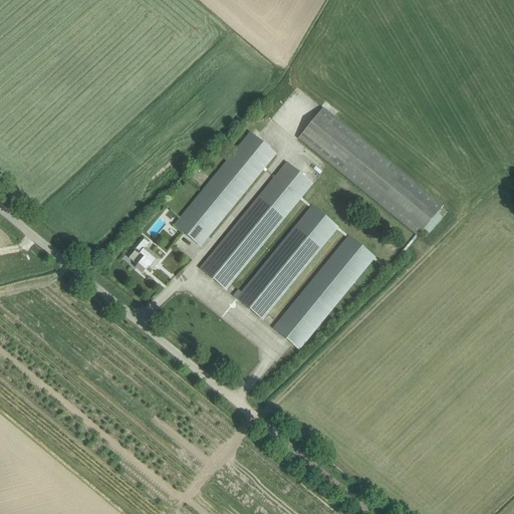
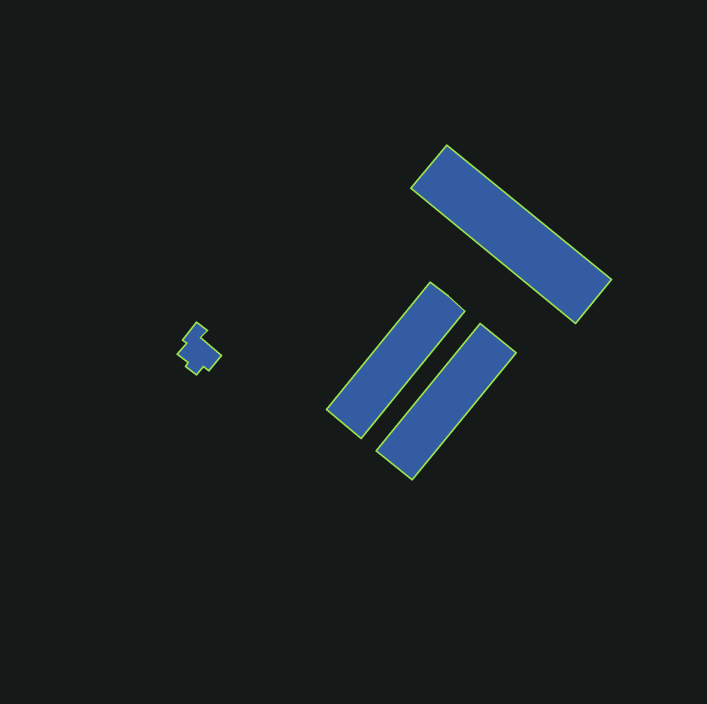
building: [175,132,275,245] -> none
building: [200,162,312,288] -> none

